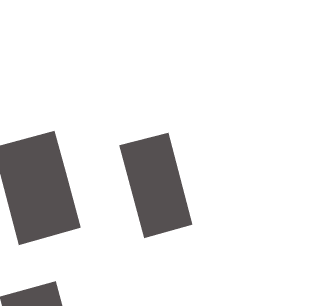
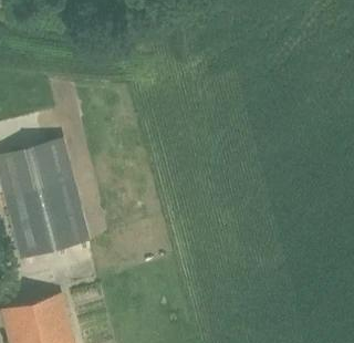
building: [118,132,194,239] -> none

